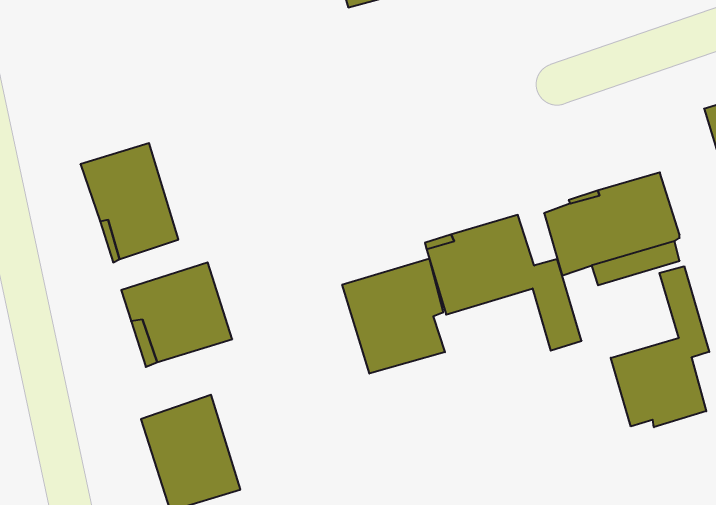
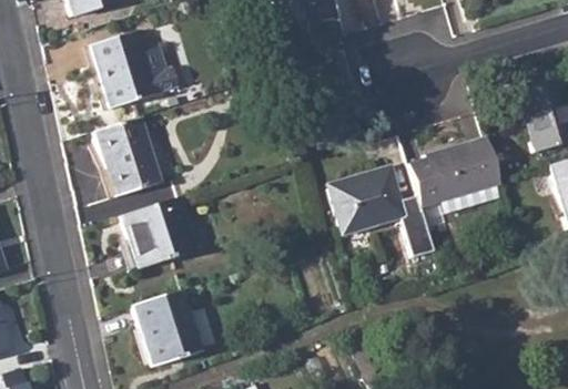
building: none -> [91,31,179,108]
building: [342,259,445,374] -> none
building: [611,266,709,427] -> none

